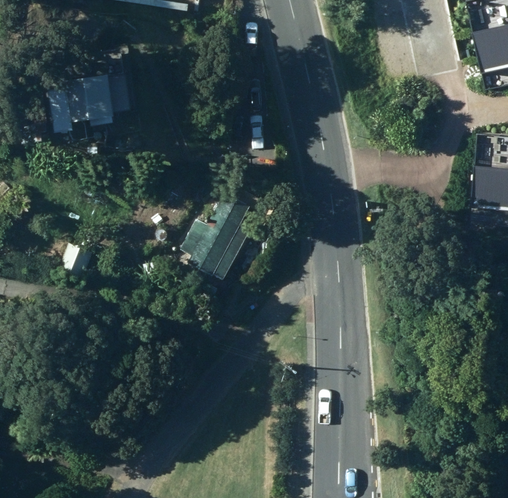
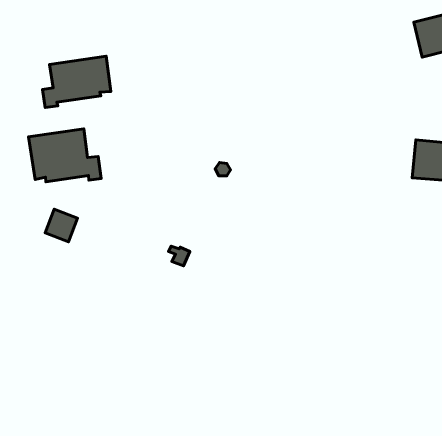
building: none -> [29,129,101,182]
building: [184,194,255,279] -> none

